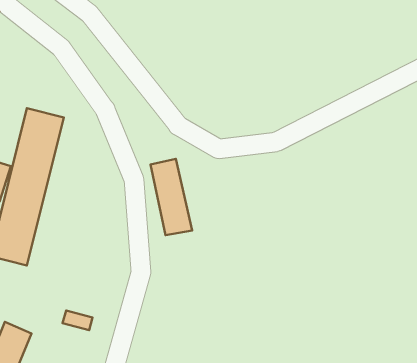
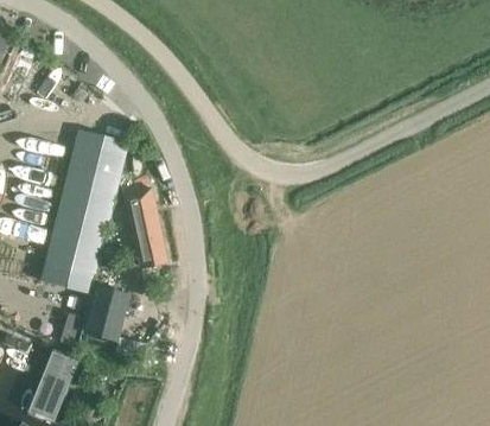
building: [150,159,192,235] -> [125,189,167,267]
building: none -> [84,287,128,341]

